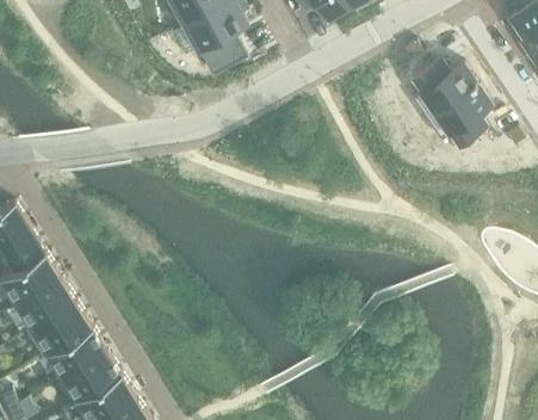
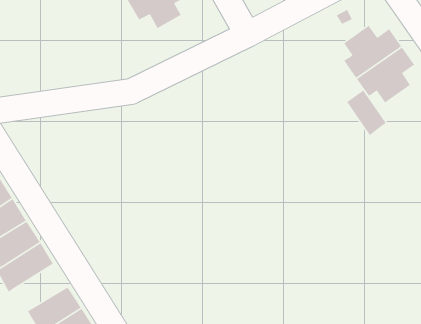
building: none -> [346,89,387,136]
building: [44,325,105,377] -> none

